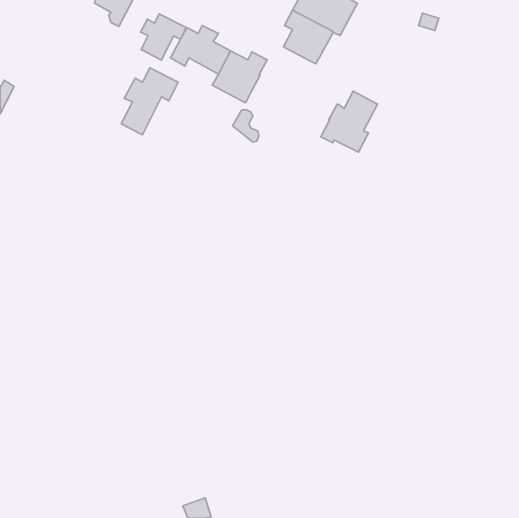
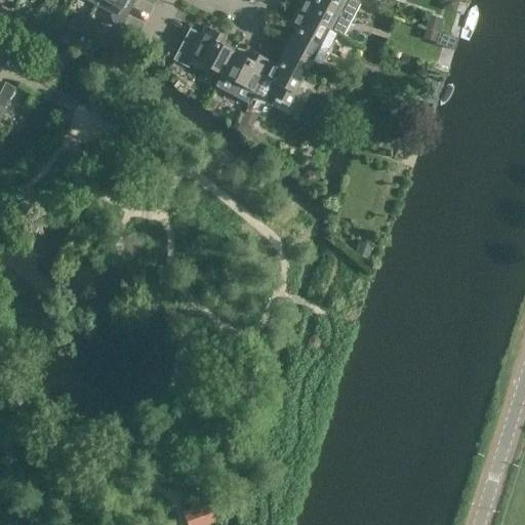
building: [141,14,186,60] -> none
building: [121,68,178,135] -> none
building: [321,91,378,152] -> [253,47,311,109]

